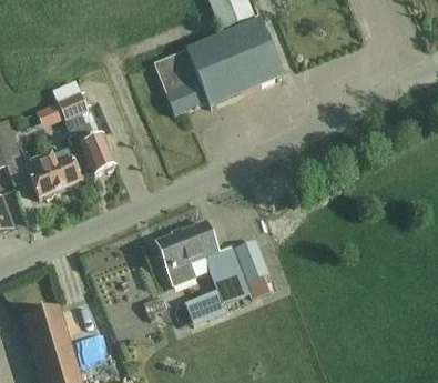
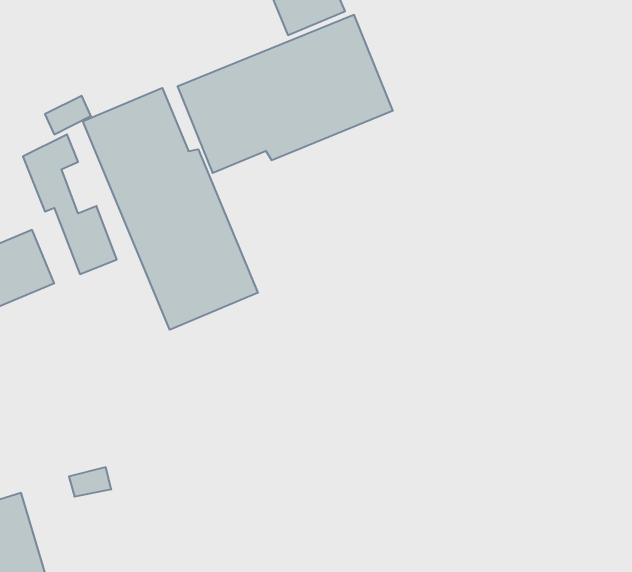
building: none -> [83,88,258,330]
building: [155,219,268,315] -> none

